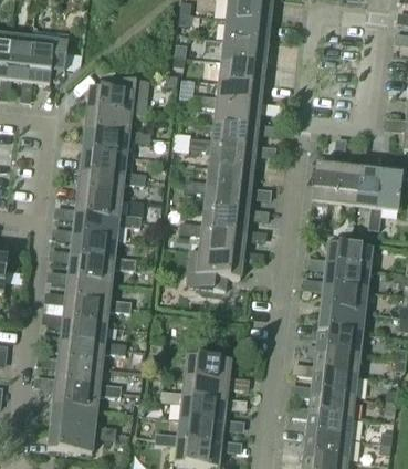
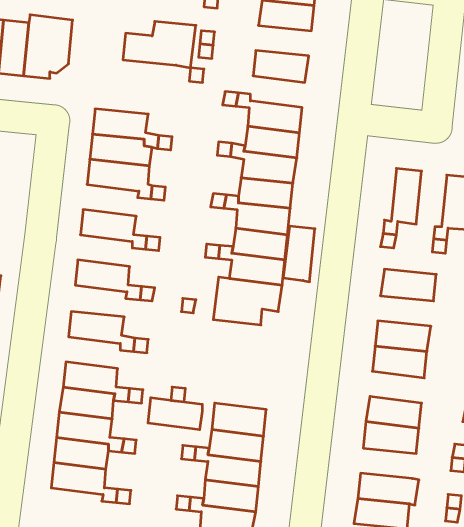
building: [221,39,268,64] -> none
building: [87,76,148,115] -> [123,21,196,68]
building: [217,81,262,107] -> none
building: [312,156,338,202] -> [283,226,315,282]
building: [355,160,380,207] -> none
building: [77,171,124,198] -> none
building: [73,213,118,240] -> none
building: [67,256,114,282] -> none
building: [323,264,369,290] -> none
building: [63,299,108,325] -> [148,398,202,430]
building: [316,327,362,354] -> none
building: [308,392,355,417] -> none
building: [48,425,94,452] -> none

